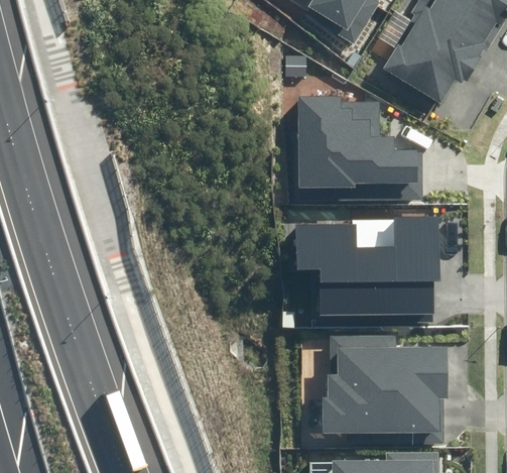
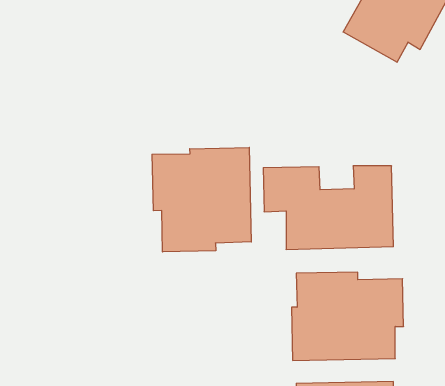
building: [297,97,417,188] -> none
building: none -> [152,147,251,252]

